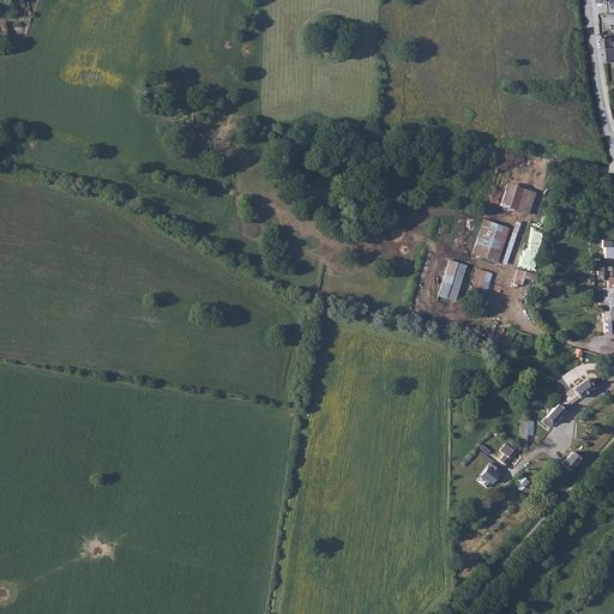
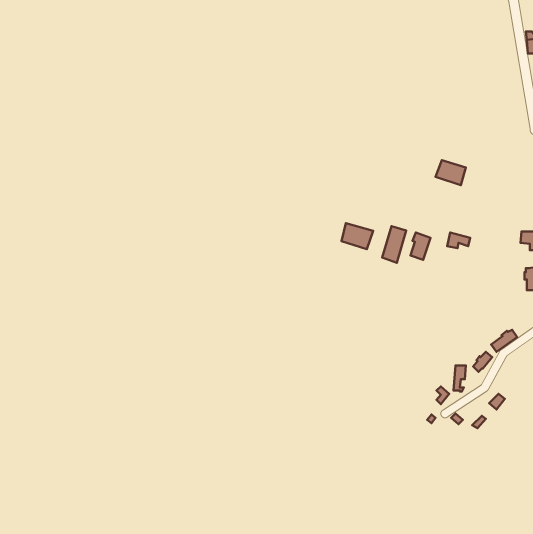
building: [472,218,511,263] -> none
building: none -> [341,223,373,249]

